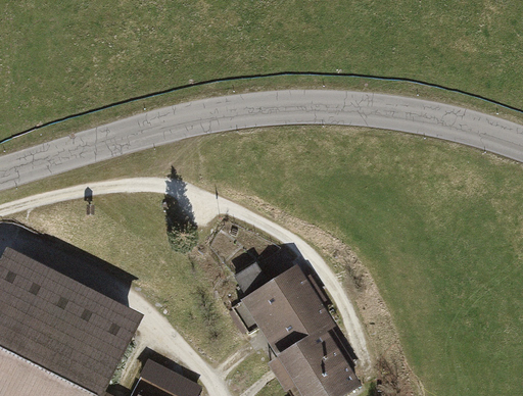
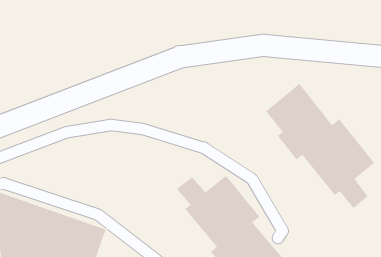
building: none -> [265,83,375,209]

